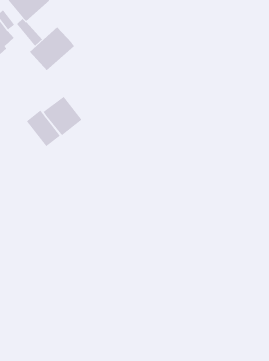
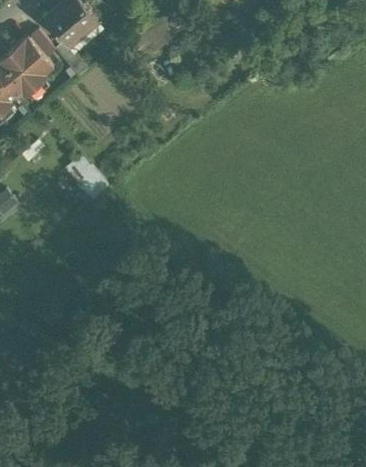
building: [29,27,75,71] -> none
building: [43,96,83,136] -> none

